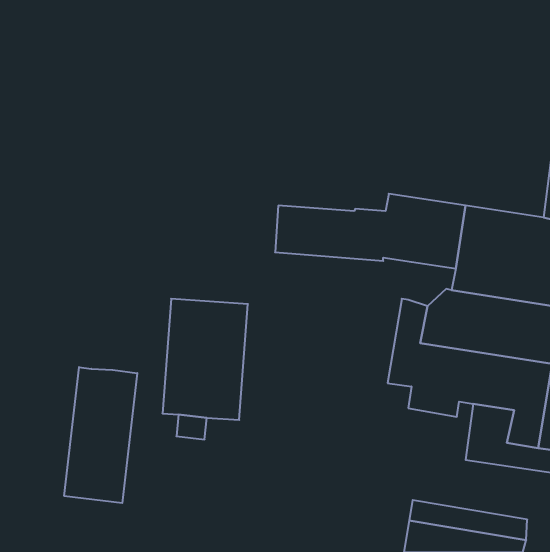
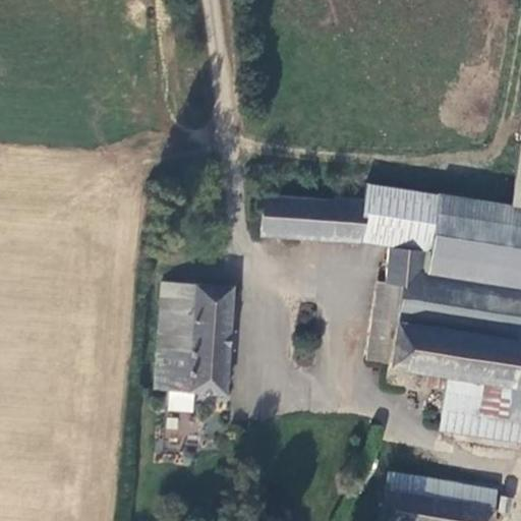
building: none -> [387,246,431,288]
building: [64,367,137,503] -> none

